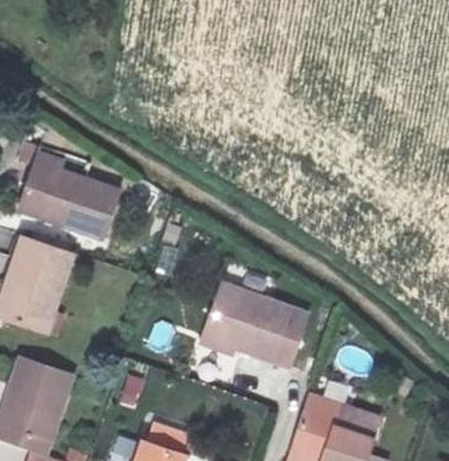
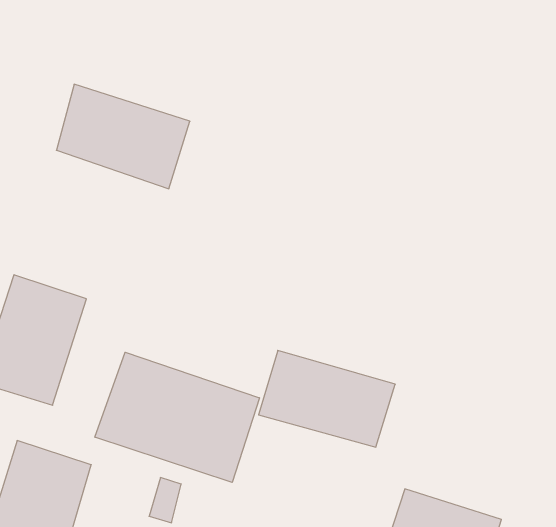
building: [16,160,116,238] -> [56,84,190,189]
building: none -> [95,352,259,482]

